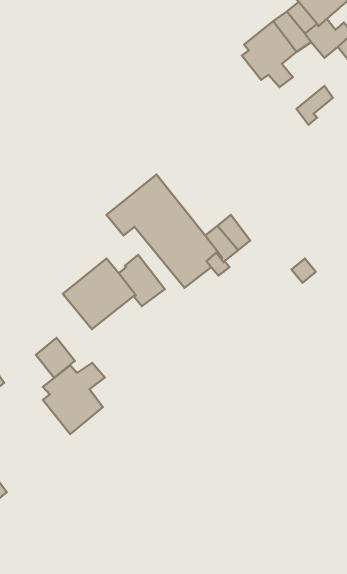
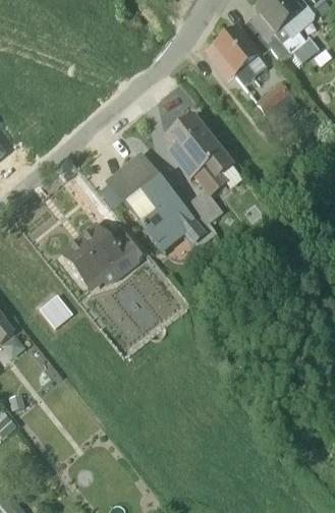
building: none -> [167,114,233,193]
building: [43,363,105,434] -> none

